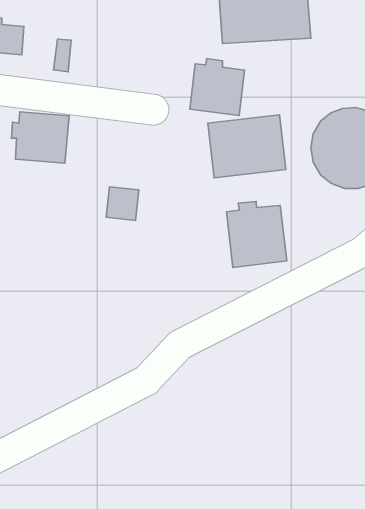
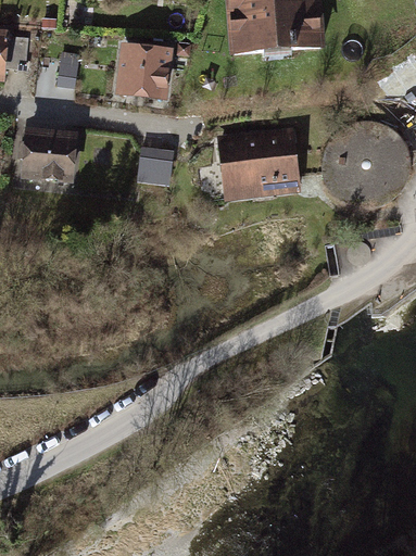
building: [190,59,245,115] -> [114,37,171,96]
building: [106,187,139,220] -> [137,148,171,182]
building: [226,201,287,267] -> none

